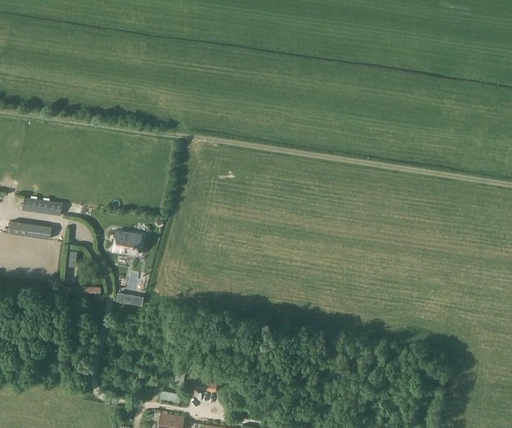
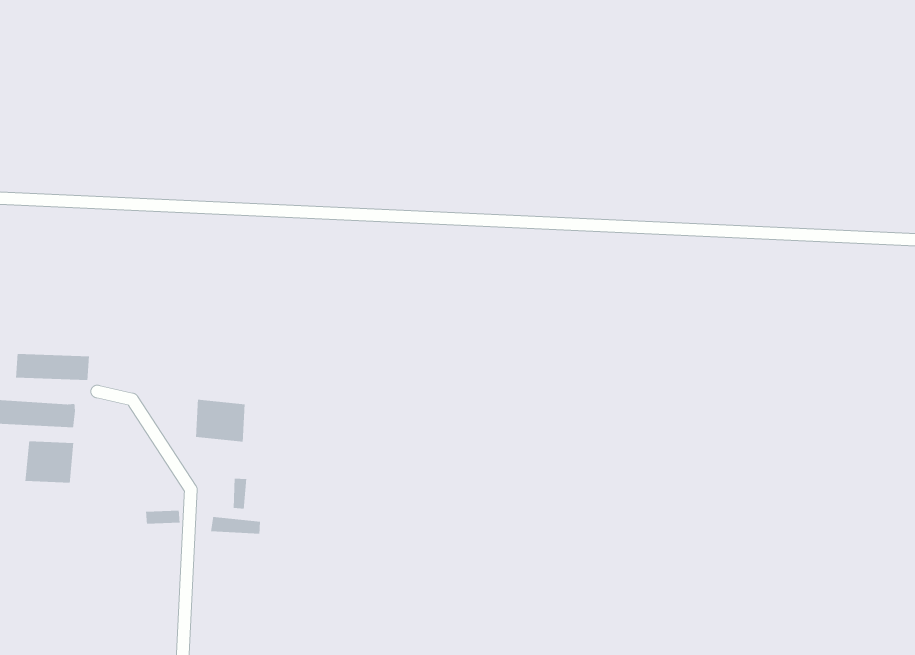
building: none -> [25,440,74,484]

